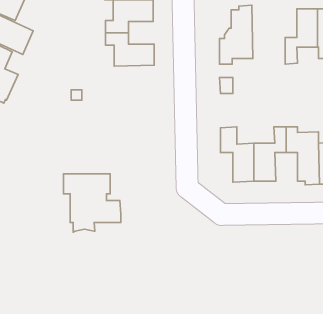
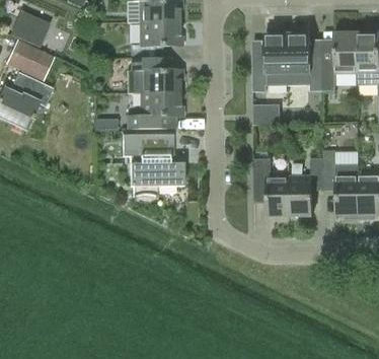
building: none -> [287,28,322,91]
building: none -> [127,92,182,129]
building: [64,174,121,232] -> [123,134,183,196]

